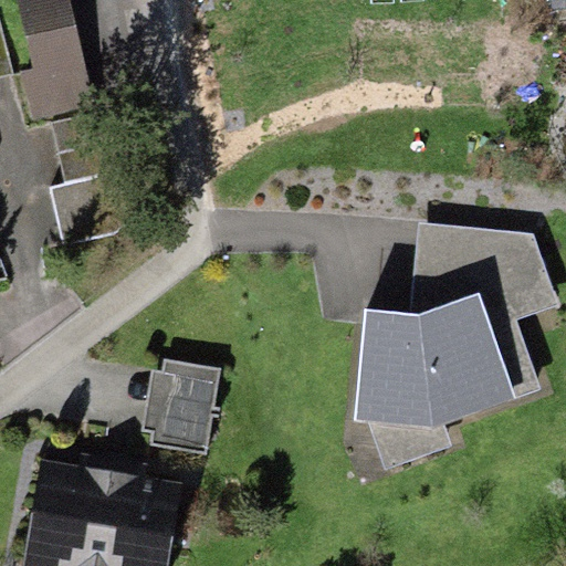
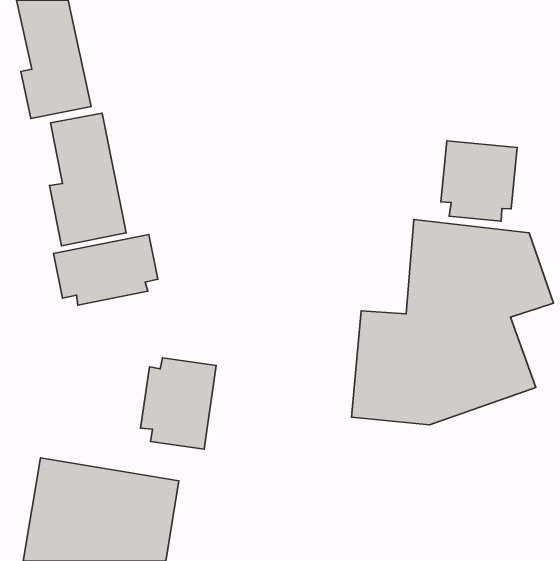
building: none -> [441,141,517,221]
building: none -> [54,234,158,305]

